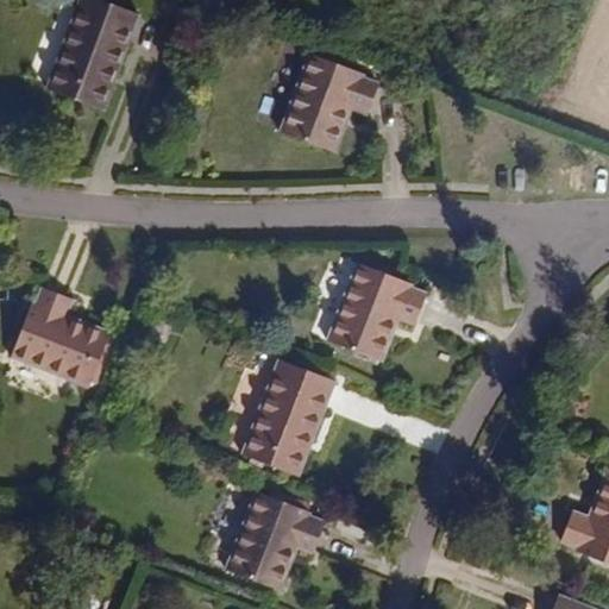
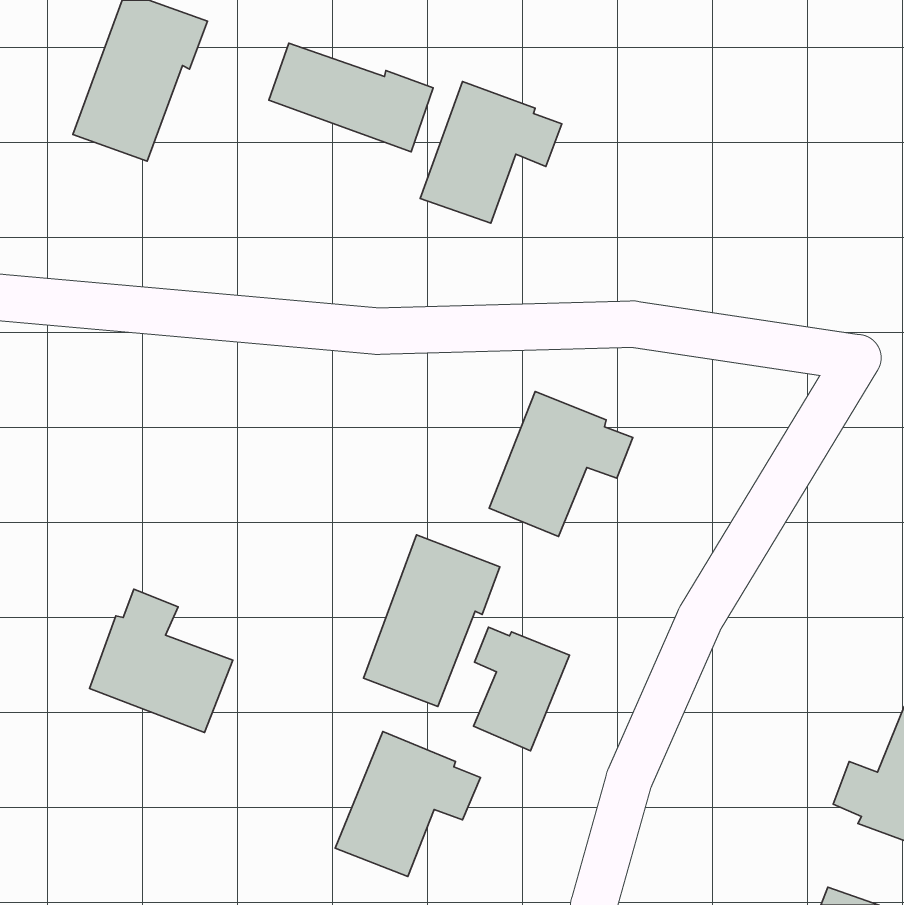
building: none -> [269,43,433,152]
building: [12,287,108,383] -> [89,589,233,733]
building: none -> [474,627,570,751]

